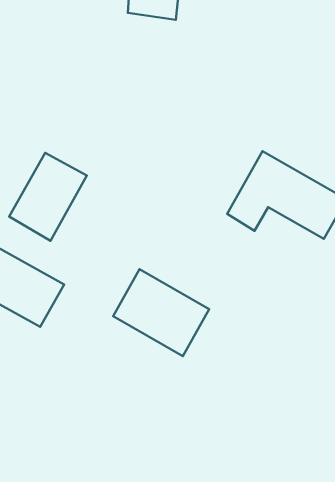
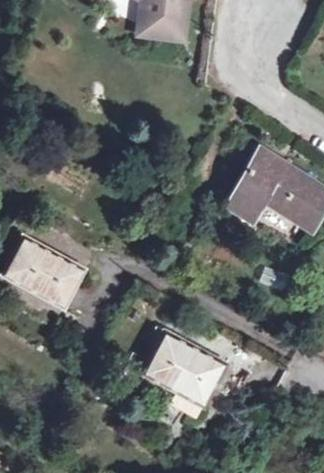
building: [9,153,87,241] -> none
building: [113,269,209,356] -> [142,331,226,407]

